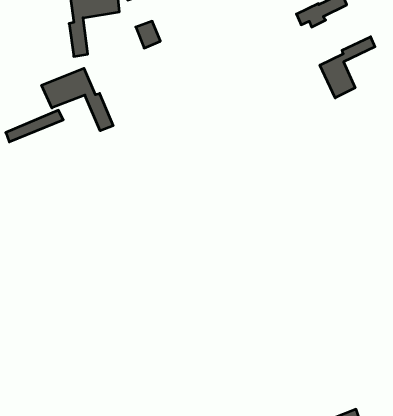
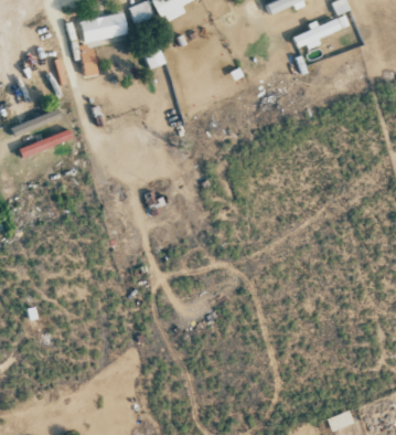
building: [320,37,375,98] -> none
building: [42,68,113,131] -> none

